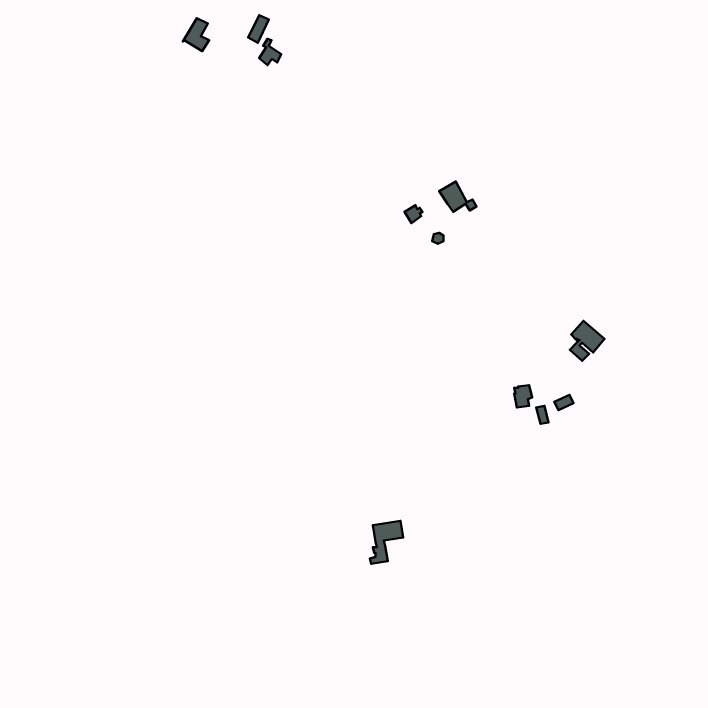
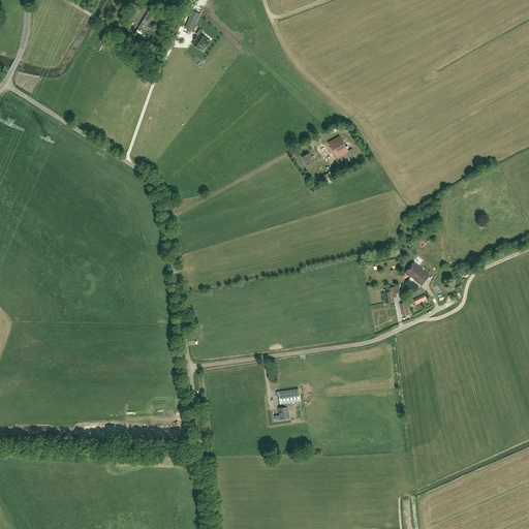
building: [570,321,604,361] -> [404,262,430,292]

